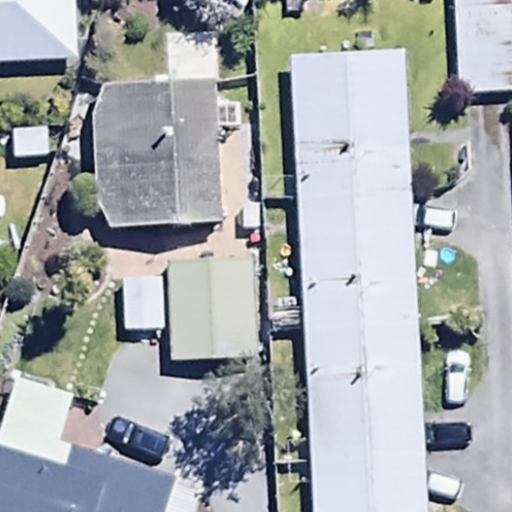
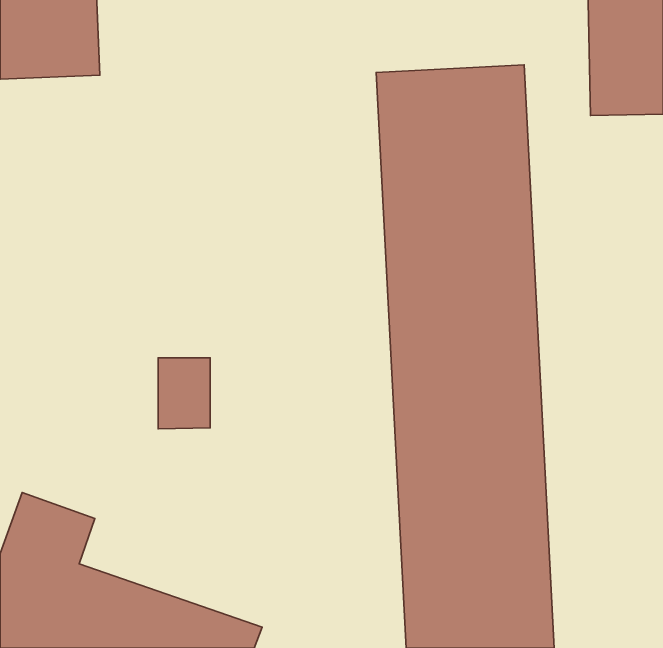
building: [98,87,220,223] -> none
building: [168,257,257,360] -> none

